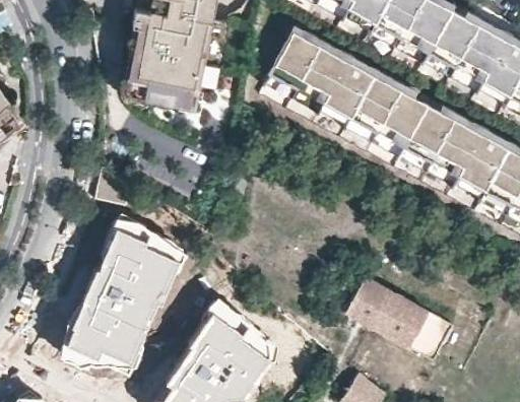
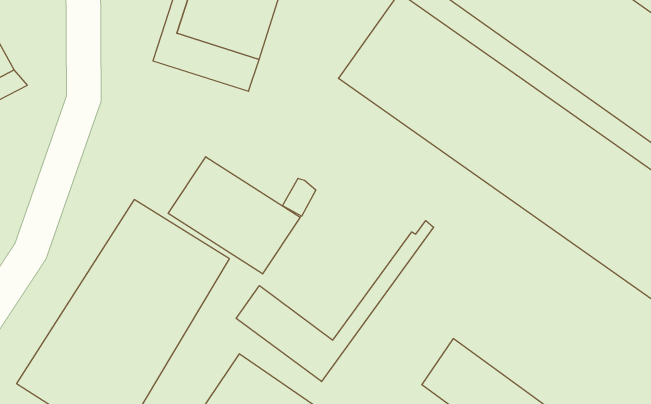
building: none -> [168,157,300,274]
building: none -> [236,221,434,382]

